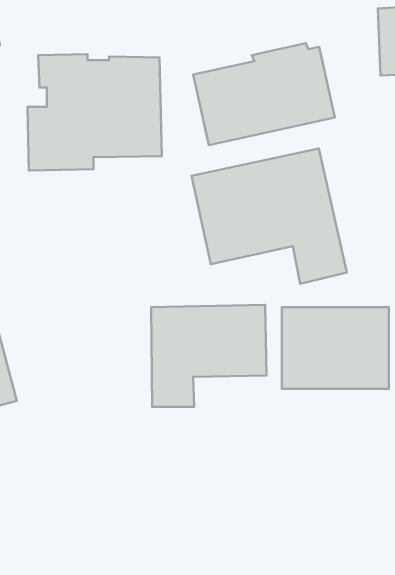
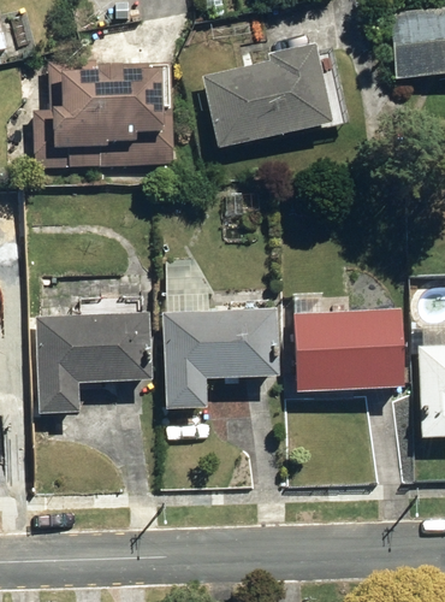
building: [191,148,347,284] -> none
building: none -> [35,311,152,414]

